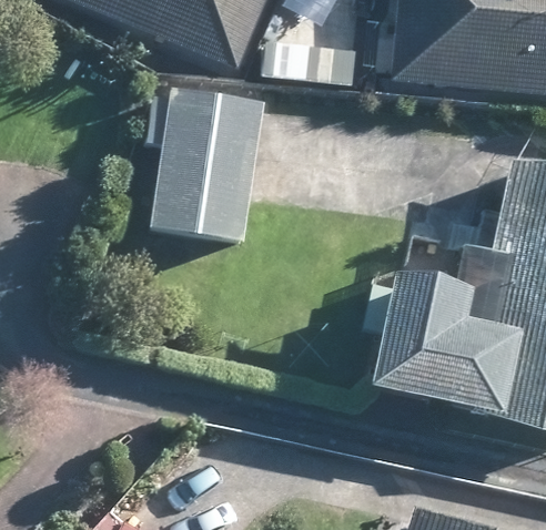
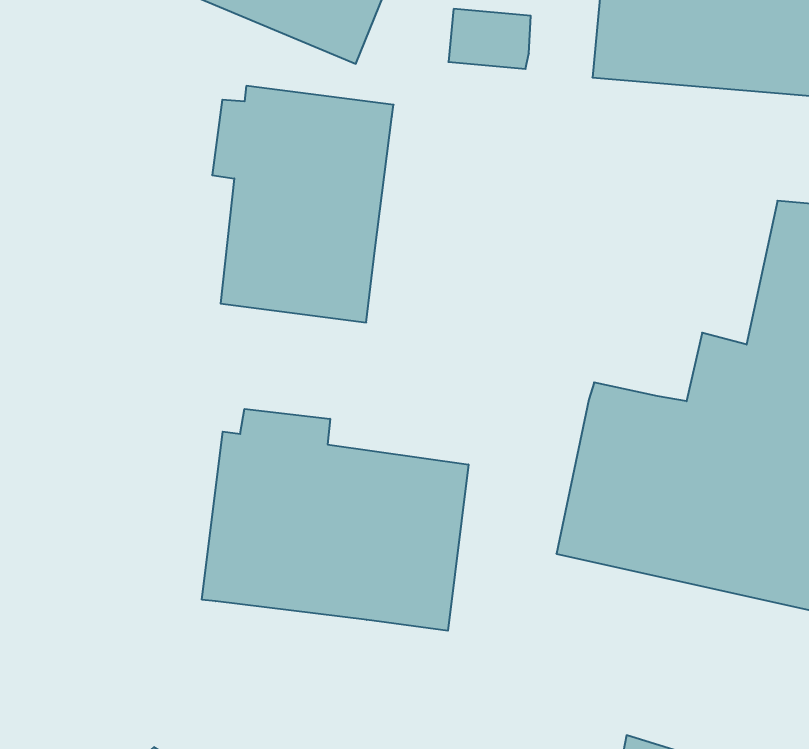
building: none -> [202,409,468,631]

